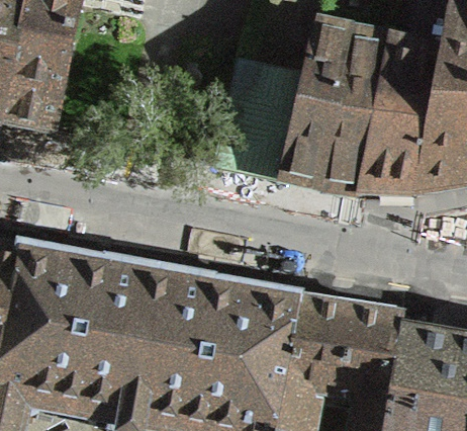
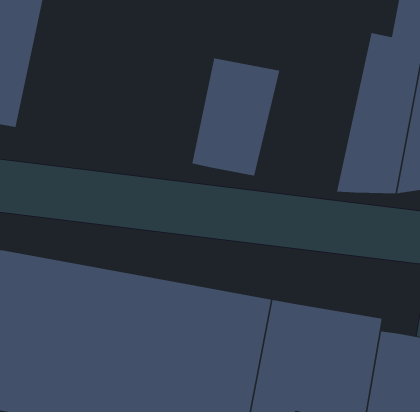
building: [279,23,390,190] -> none

